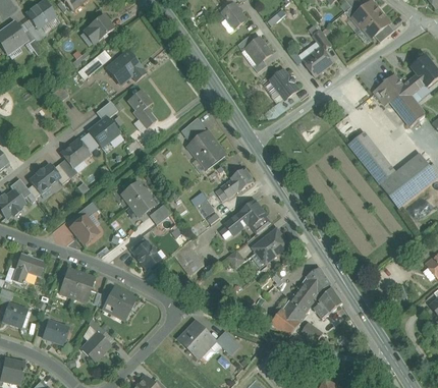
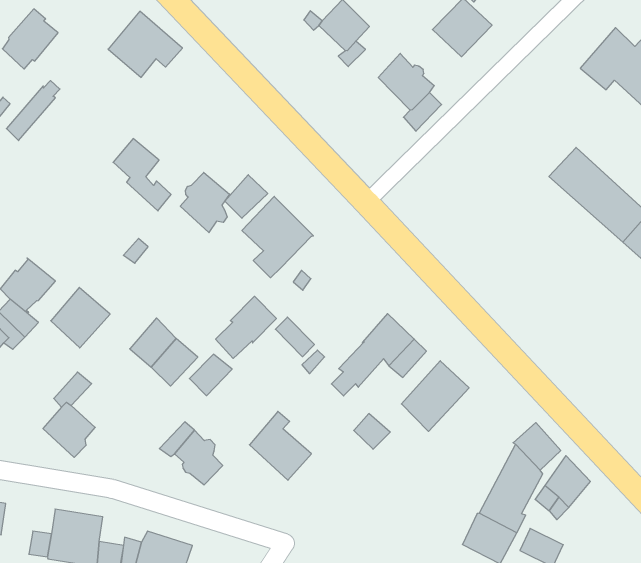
building: [108,49,146,82] -> [108,11,182,77]
building: none -> [180,172,230,233]
building: [89,116,119,147] -> [51,287,110,348]
building: [221,166,254,196] -> [216,296,276,358]

